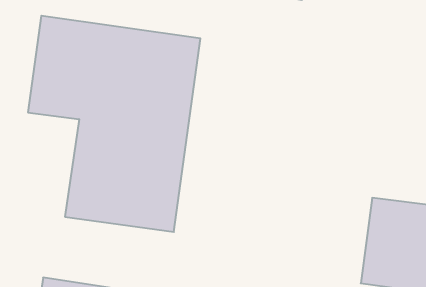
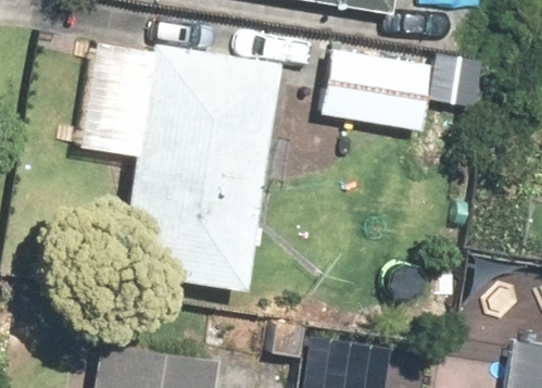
building: none -> [328,50,434,125]

